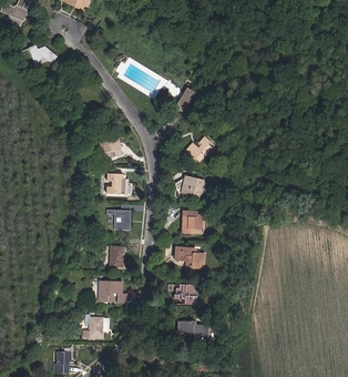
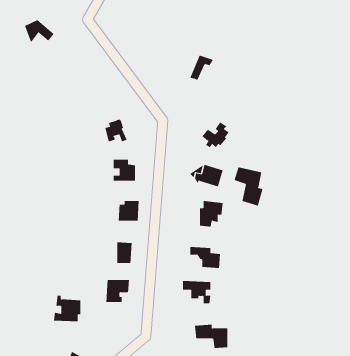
building: none -> [234,166,263,206]
building: [82,314,108,338] -> [53,295,81,322]

